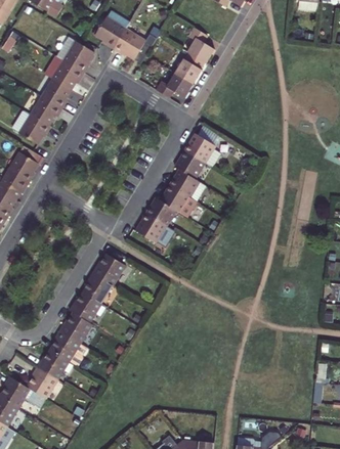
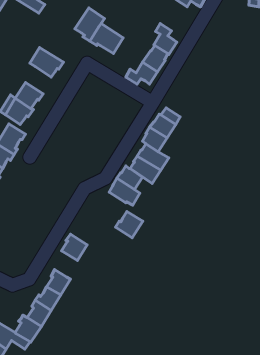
building: [56,37,94,74] -> none
building: [40,79,70,110] -> none
building: [92,256,124,286] -> [116,211,143,238]
building: [68,294,100,324] -> none

